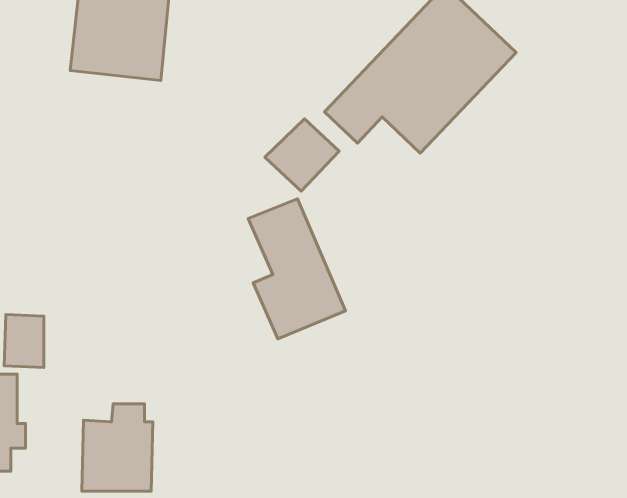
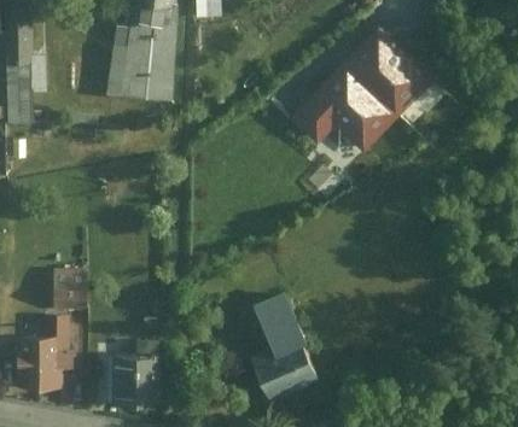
building: [265,119,339,191] -> none
building: [248,199,346,339] -> [250,296,321,398]

